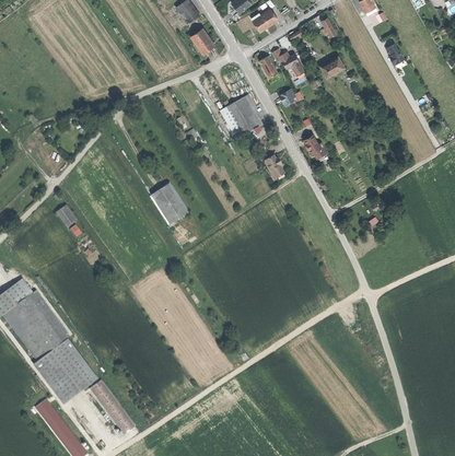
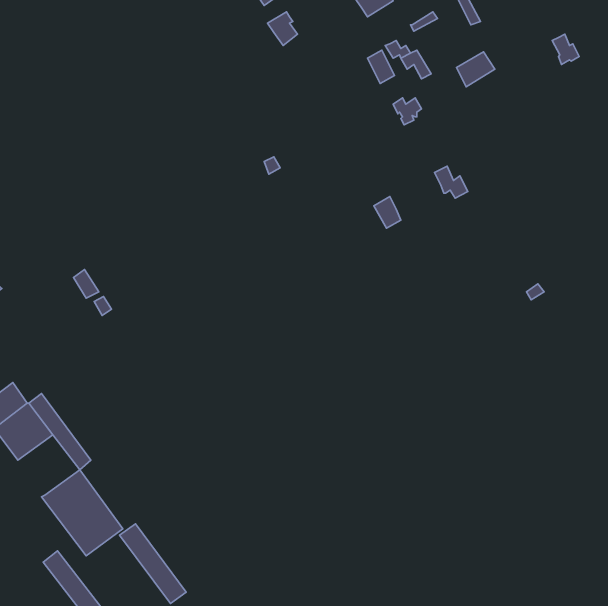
building: [226,98,258,136] -> none
building: [150,184,186,224] -> none
building: [19,319,61,361] -> none

